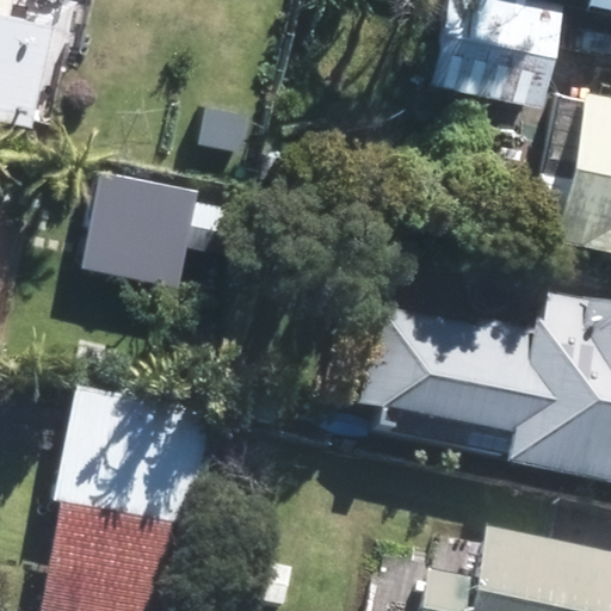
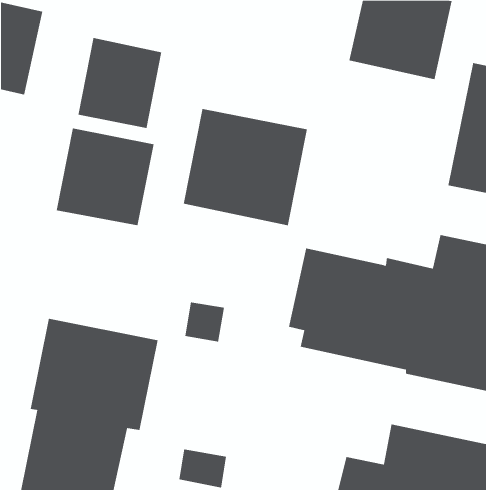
building: none -> [78,37,162,129]
building: none -> [183,108,307,226]

